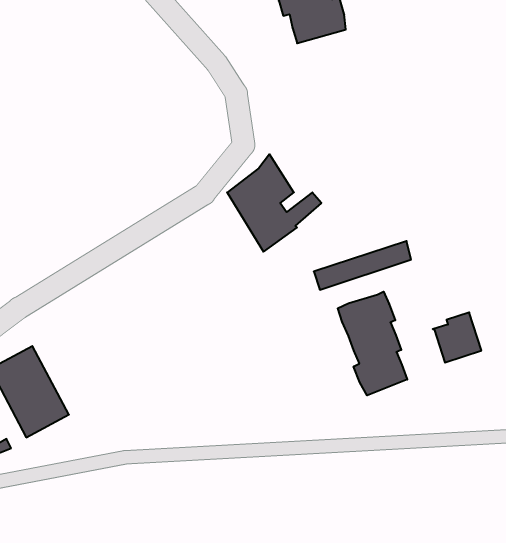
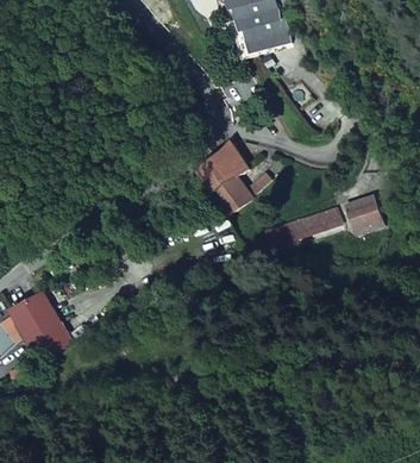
building: [338,292,407,395] -> none
building: [433,312,481,363] -> [344,194,382,233]

